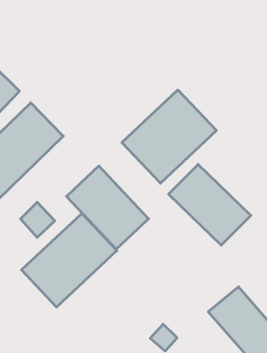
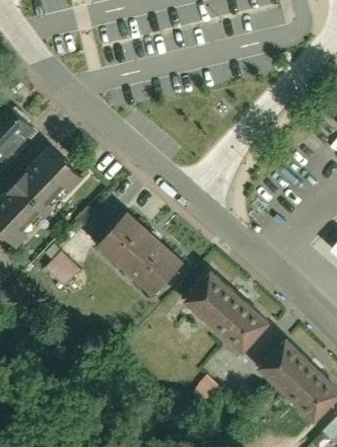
building: [122,90,216,183] -> none
building: [169,164,251,245] -> [180,266,271,353]
building: [21,213,117,307] -> none

